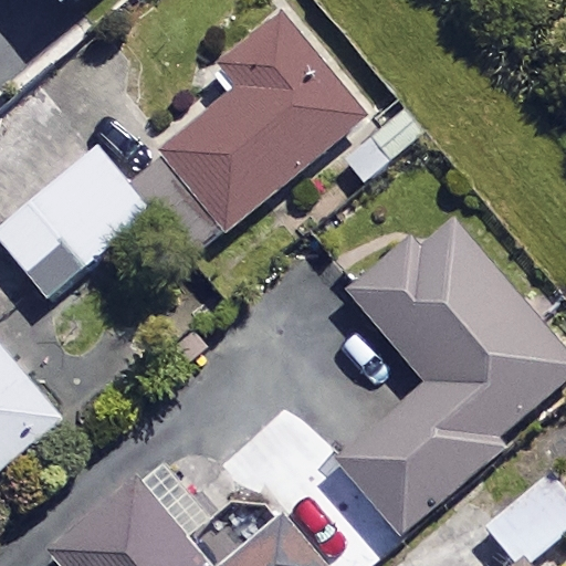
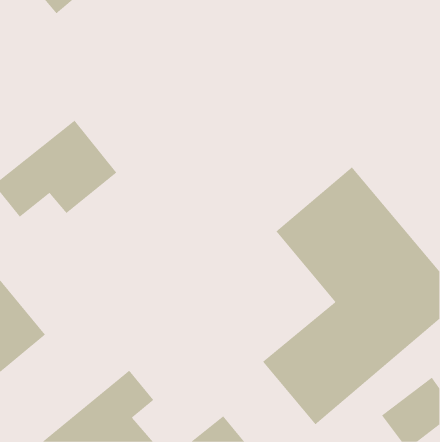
building: [164,6,379,231] -> none

